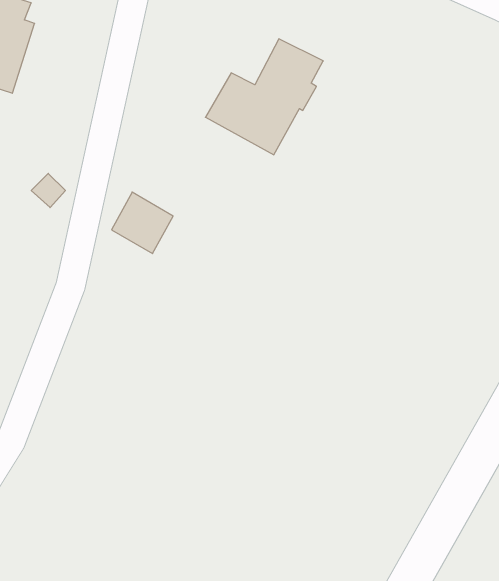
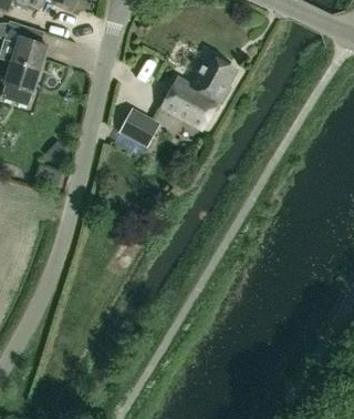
building: [112,192,173,254] -> [117,108,157,147]

